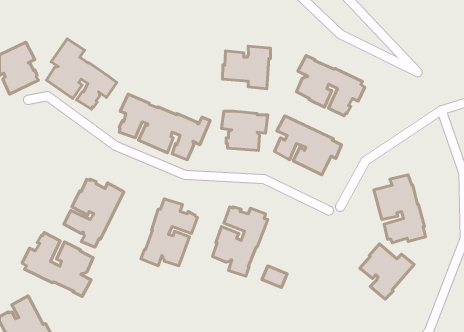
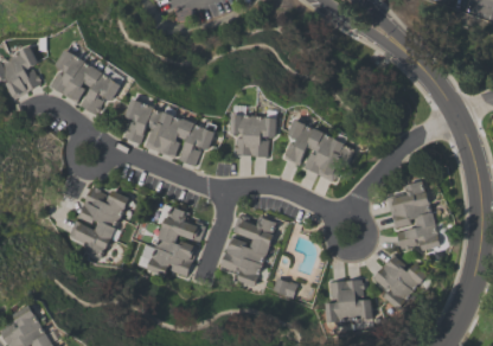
building: [222,46,271,89] -> none
building: [296,55,365,116] -> none
building: [22,233,93,296] -> none
building: none -> [325,278,371,321]

